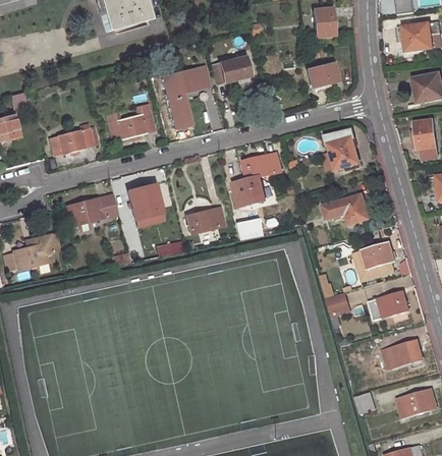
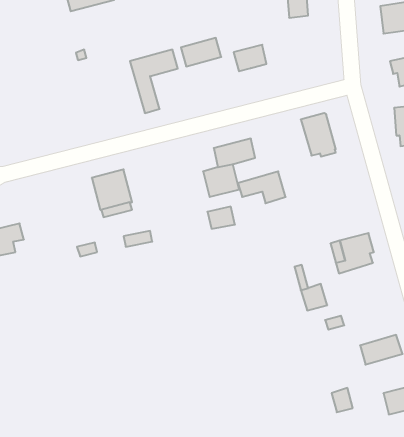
building: [306,61,337,87] -> [234,45,266,71]
building: [107,103,155,139] -> none
building: [50,127,94,154] -> none
building: [65,194,118,226] -> none
building: [323,194,369,225] -> [238,171,286,203]
building: [185,205,225,233] -> none
building: [369,291,409,320] -> none

